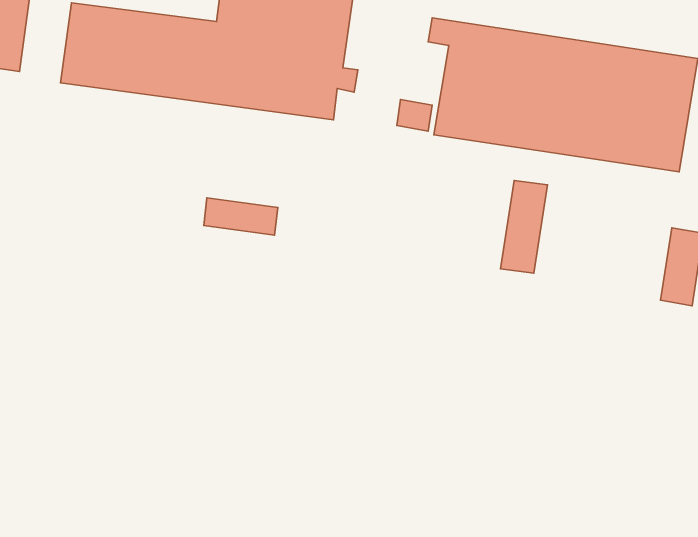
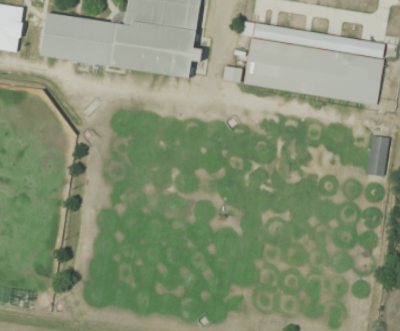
building: [501,180,547,273] -> none
building: [204,198,278,235] -> none

